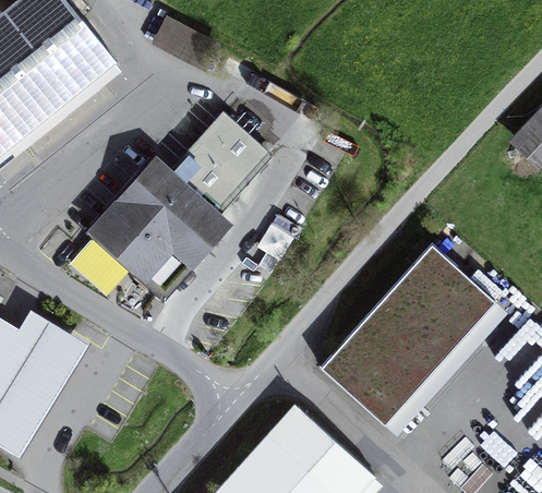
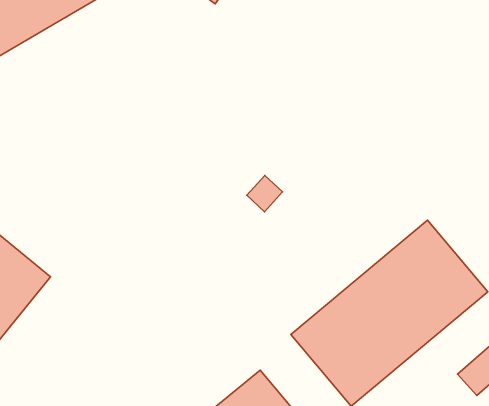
building: [95,118,267,292] -> none

